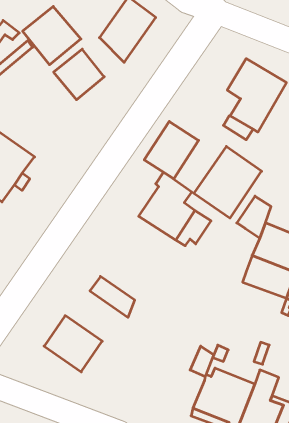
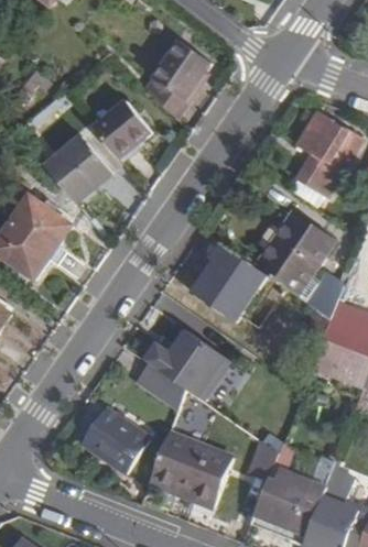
building: [23,6,81,65] -> [45,134,112,201]
building: [144,121,199,179] -> none
building: none -> [149,331,232,400]
building: none -> [149,428,232,506]

